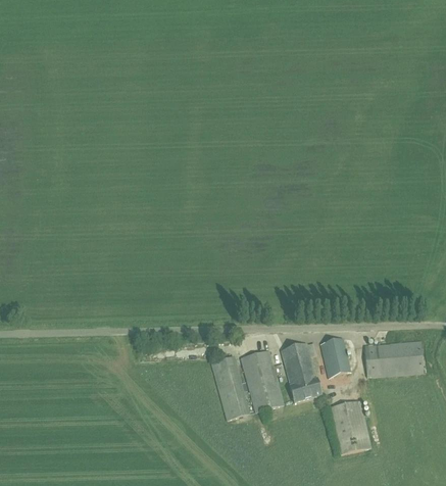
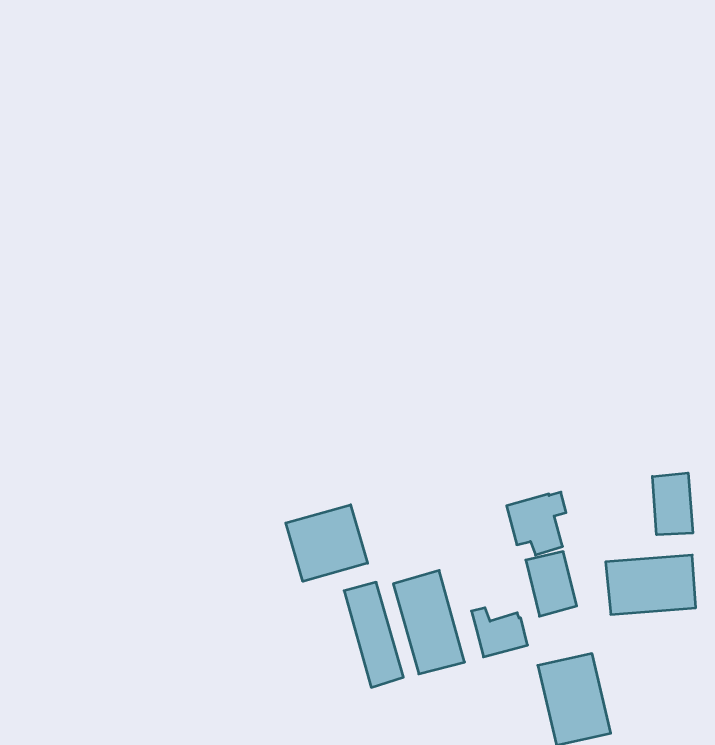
building: none -> [652,473,693,535]
building: none -> [286,505,368,581]
building: [281,342,316,380] -> [507,492,566,555]

